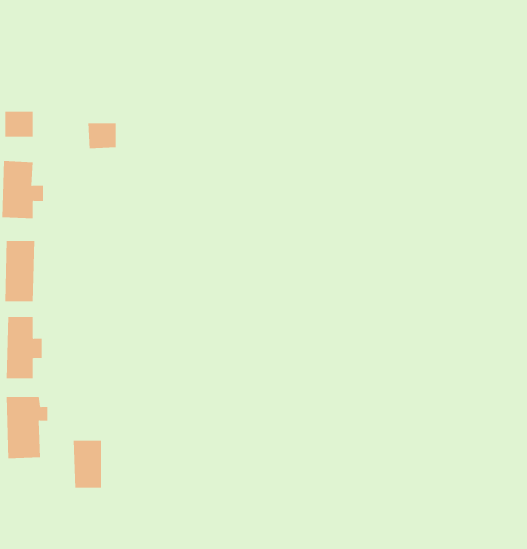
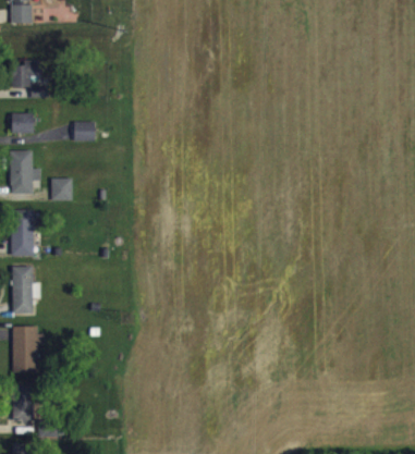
building: none -> [12,61,38,88]
building: none -> [51,179,72,201]
building: [73,440,102,488] -> [12,385,34,421]

